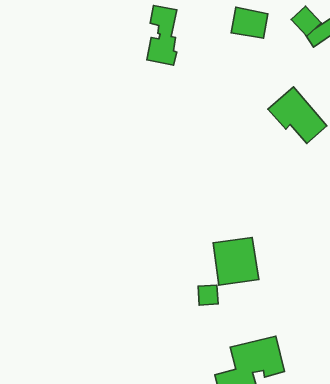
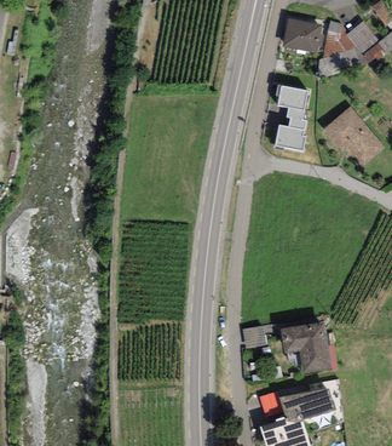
building: [147,6,177,65] -> [273,86,306,151]
building: none -> [327,17,346,51]
building: [213,237,259,285] -> [282,321,332,373]

